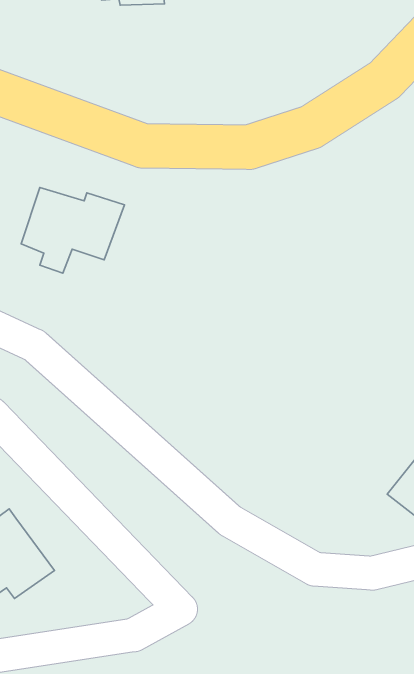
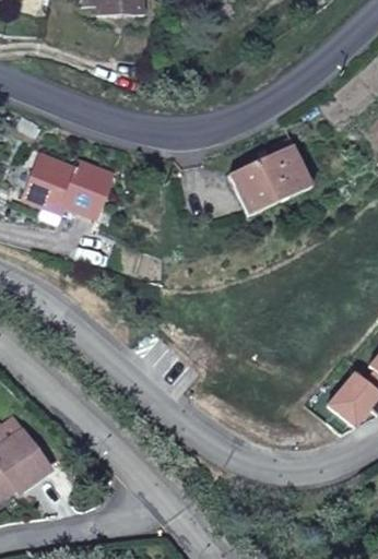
building: none -> [231,135,311,213]

